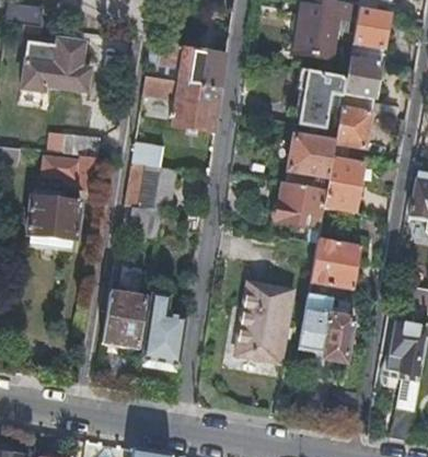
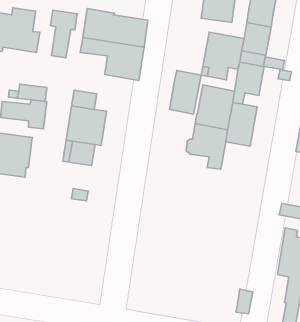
building: none -> [51,10,77,58]
building: none -> [169,71,201,114]
building: [310,237,360,288] -> none
building: [236,279,293,360] -> none
building: [102,291,146,348] -> none
building: [298,291,350,361] -> none
building: [142,292,186,368] -> none

